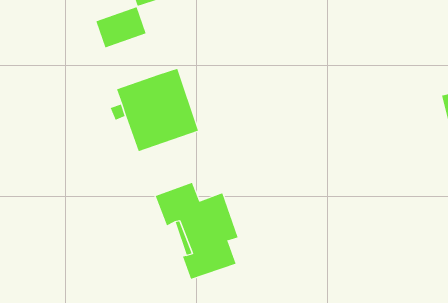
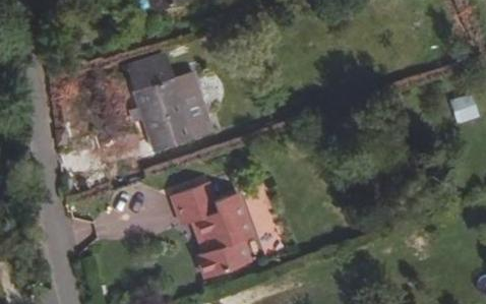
building: [95,6,147,48] -> [126,50,176,90]

